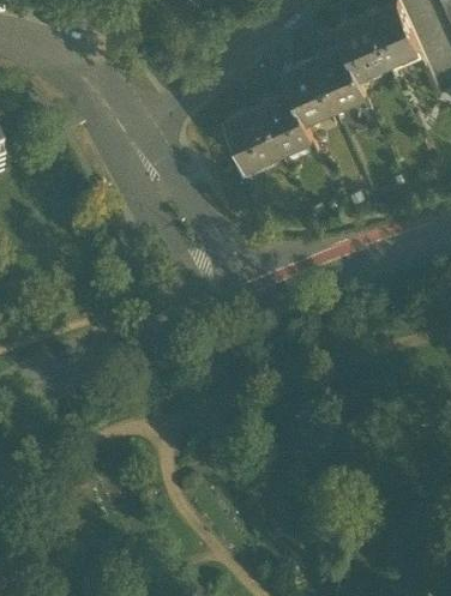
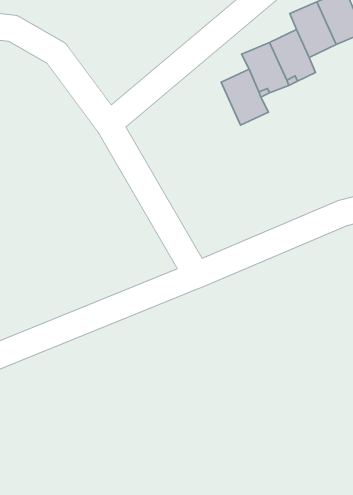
building: [224,108,282,171] -> none

